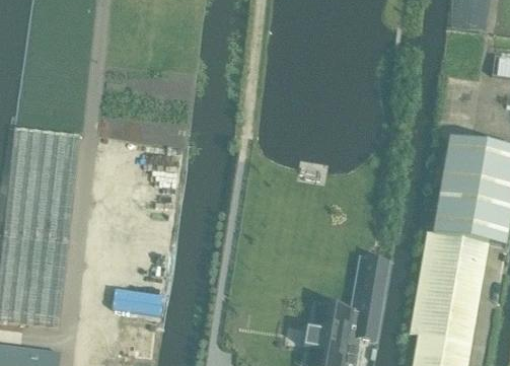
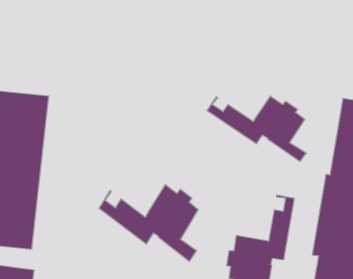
building: none -> [207,96,306,161]
building: none -> [99,184,198,262]

